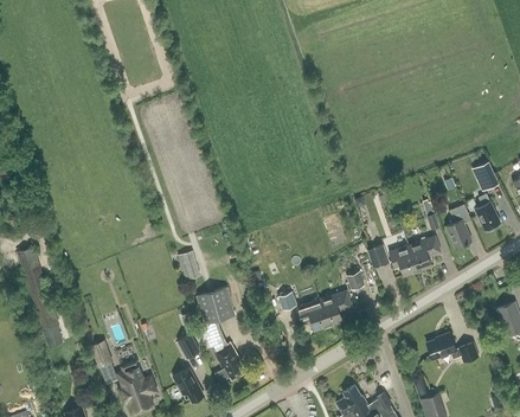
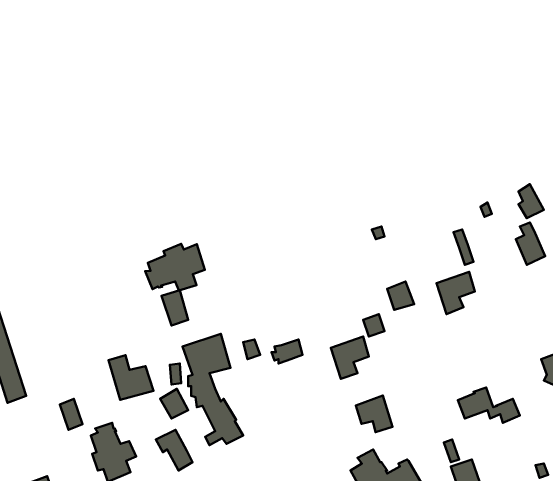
building: [447,205,471,248] -> none
building: none -> [145,244,205,290]
building: [389,245,417,276] -> none
building: [297,300,328,331] -> [356,396,393,432]
building: none -> [108,355,153,400]

